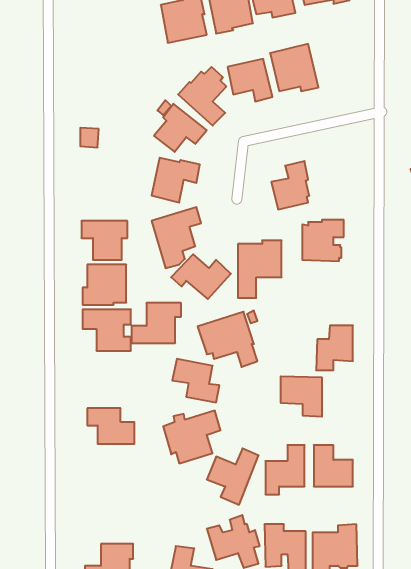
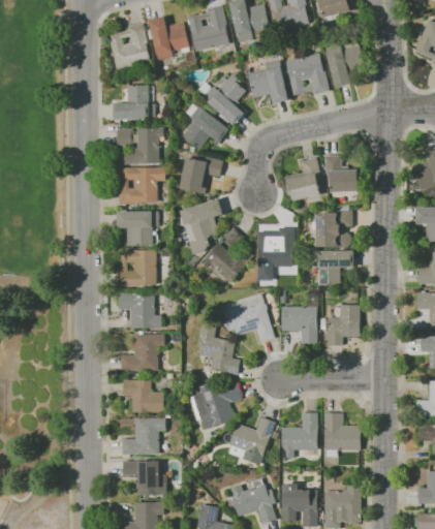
building: none -> [149,17,190,60]
building: none -> [108,23,151,68]
building: none -> [327,44,364,87]
building: none -> [114,85,156,119]
building: none -> [123,127,163,162]
building: none -> [324,155,362,192]
building: none -> [119,167,165,204]
building: none -> [312,250,354,285]
building: [132,303,181,343] -> [120,334,164,370]
building: [281,376,322,417] -> [281,306,318,342]
building: none -> [122,417,166,454]
building: none -> [122,460,166,495]

